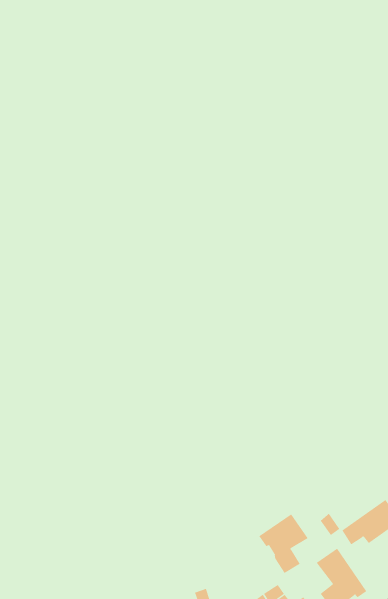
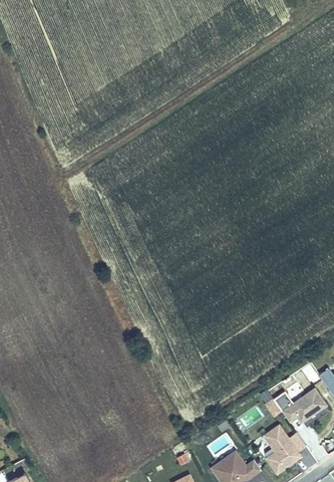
building: [259,513,308,574] -> none

